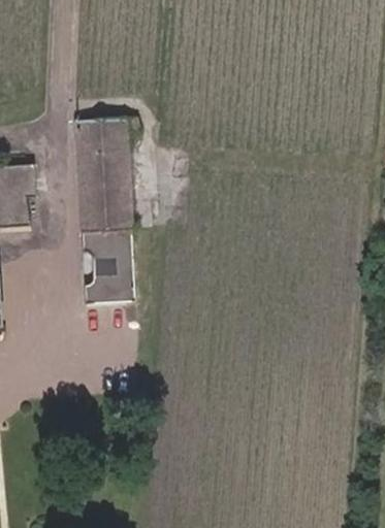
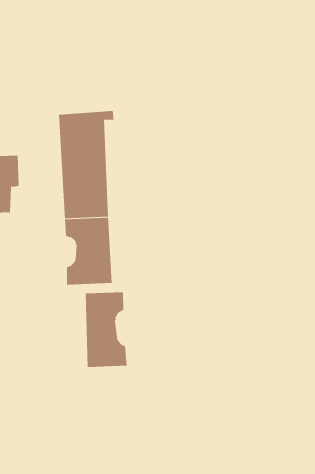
building: none -> [85,291,127,368]

